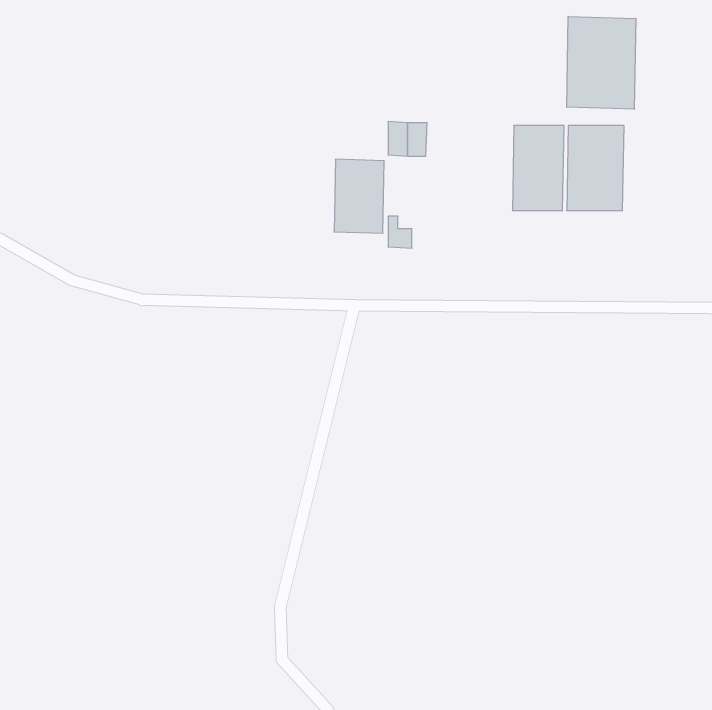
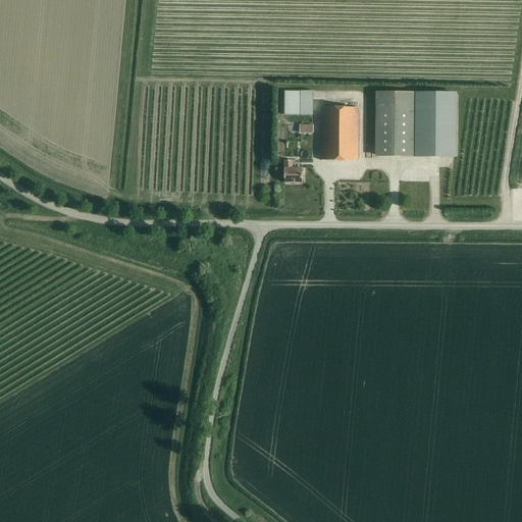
building: [567,16,636,109] -> none
building: [334,159,384,233] -> [321,106,358,160]

